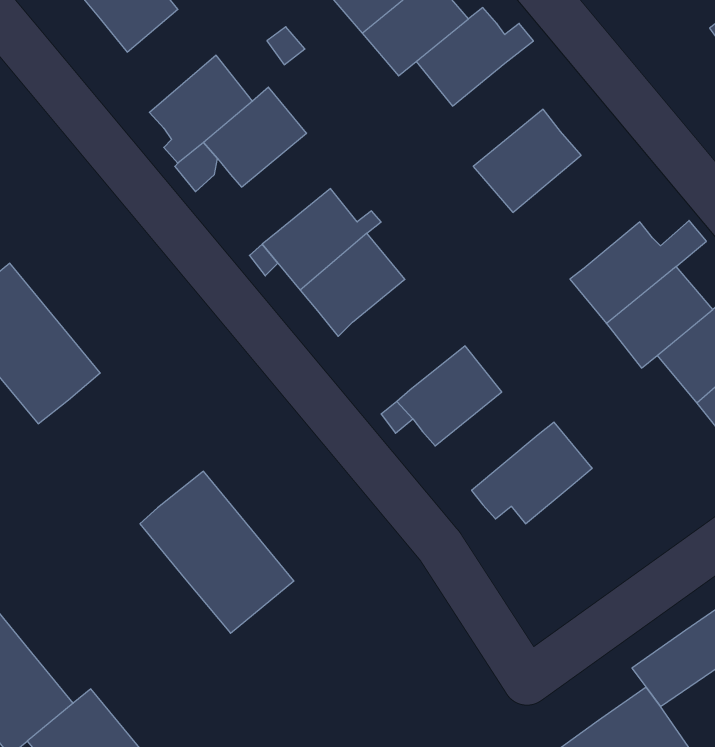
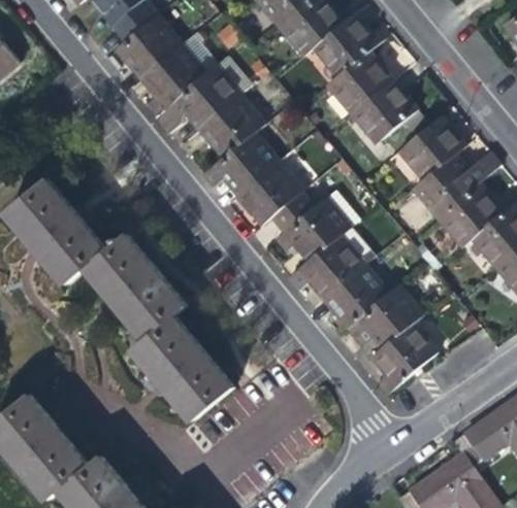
building: none -> [114,13,182,80]
building: none -> [325,48,394,115]
building: none -> [198,94,265,158]
building: none -> [396,114,466,181]
building: none -> [270,189,350,261]
building: none -> [86,233,185,337]
building: none -> [324,262,391,326]
building: none -> [370,321,439,393]

